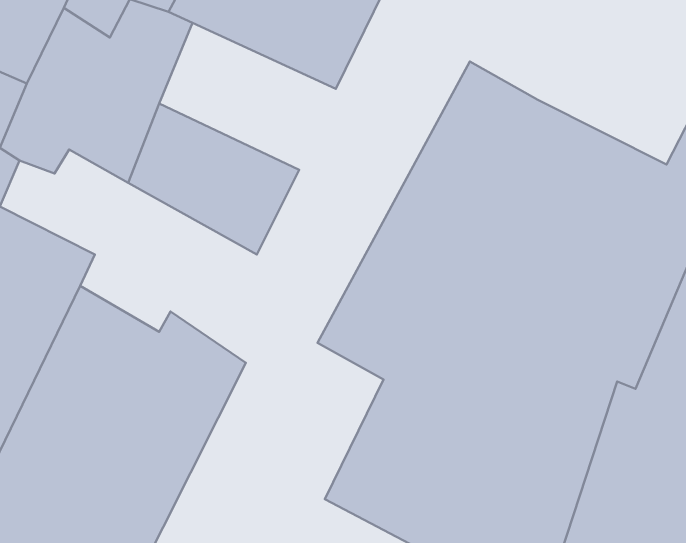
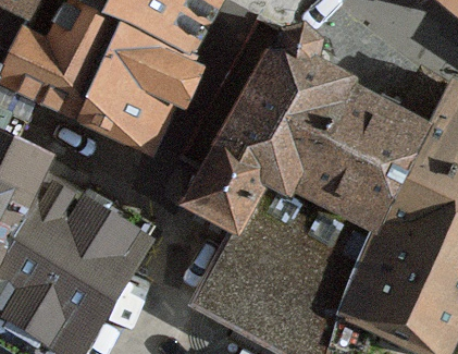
building: none -> [99,21,203,108]

